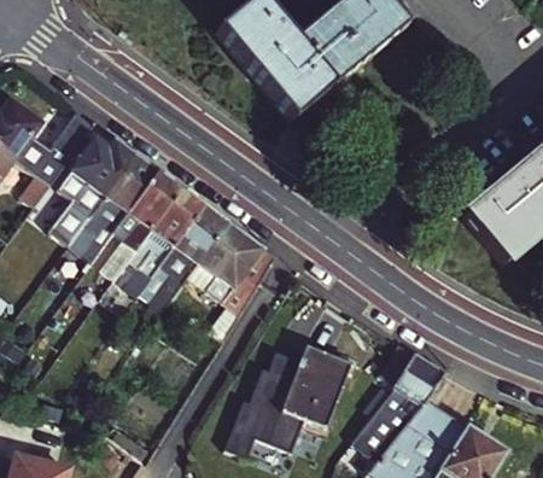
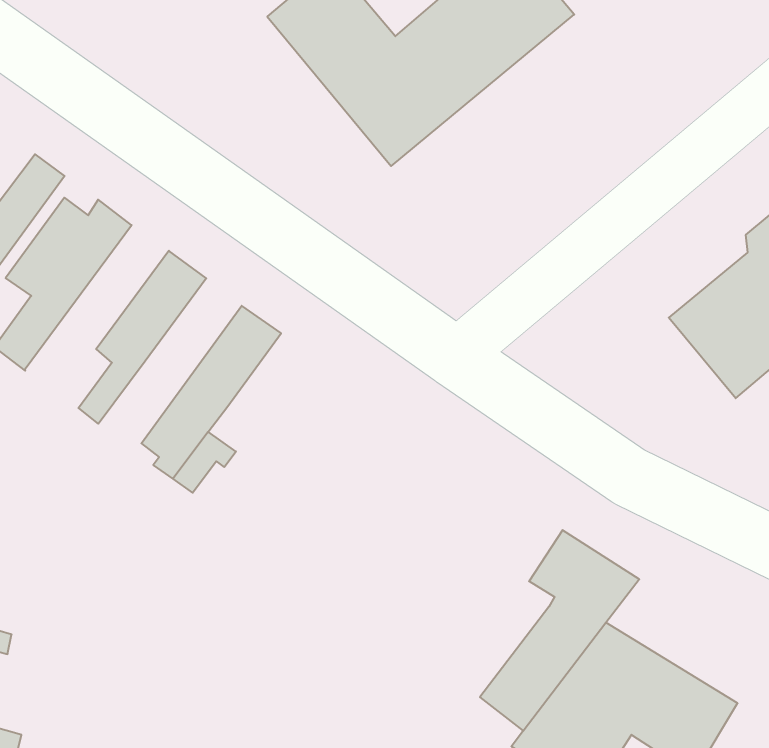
building: [69,156,157,260] -> none
building: [124,188,202,295] -> none
building: [193,222,273,298] -> none
building: [223,344,354,454] -> none

